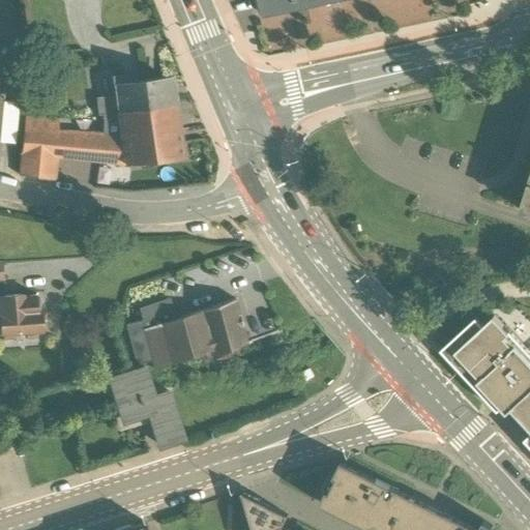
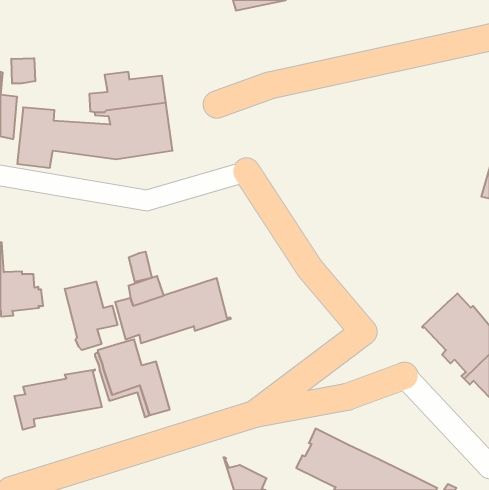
building: none -> [11,58,35,84]
building: none -> [129,252,152,282]
building: none -> [65,281,117,350]
building: [442,318,504,412] -> none
building: none -> [14,369,102,430]

